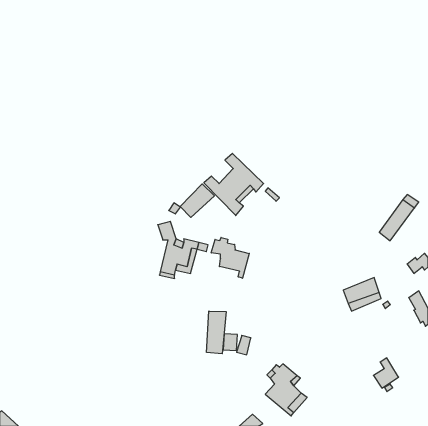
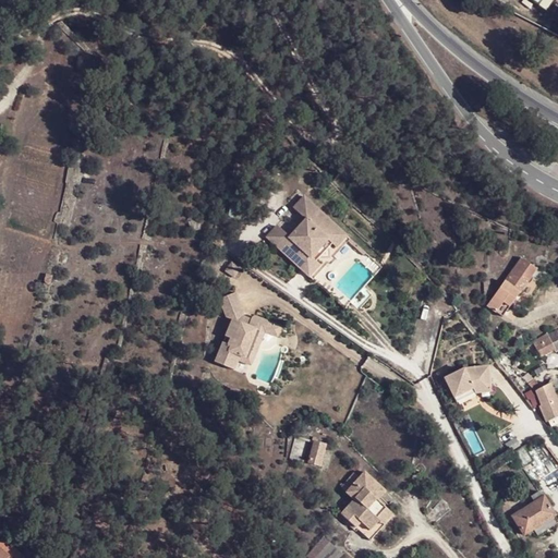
building: [180,184,214,217] -> none
building: [211,237,249,278] -> none
building: [207,311,226,354] -> none
building: [373,358,399,388] -> [512,490,545,530]

